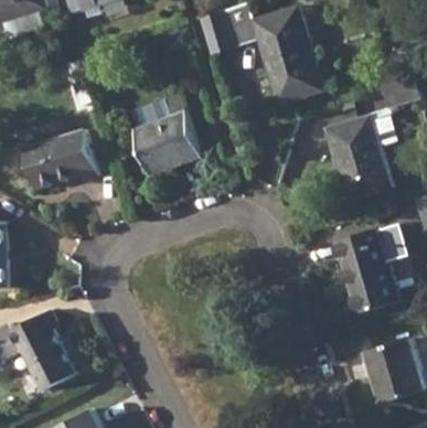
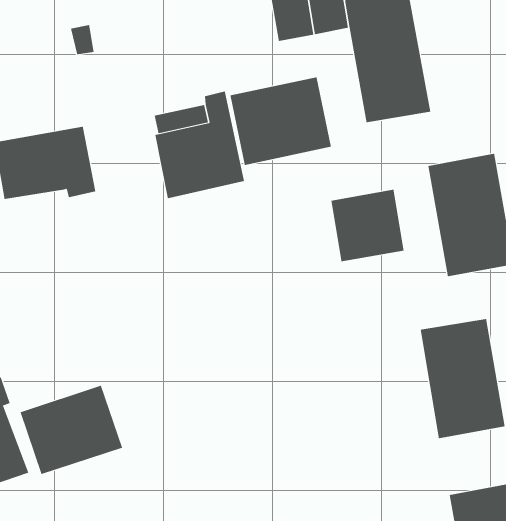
building: none -> [230,77,331,166]
building: none -> [331,189,404,262]
building: none -> [20,385,123,475]

